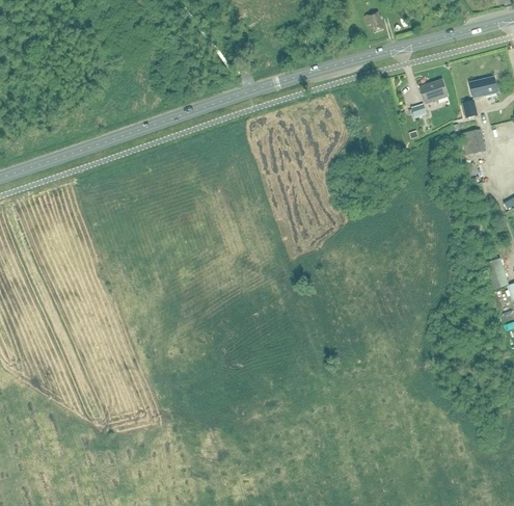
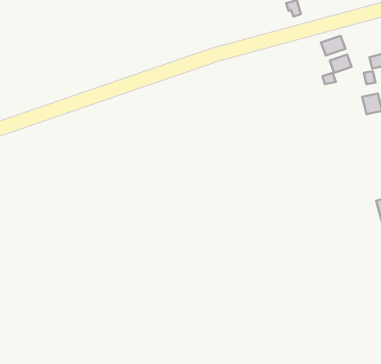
building: none -> [321,36,345,55]

